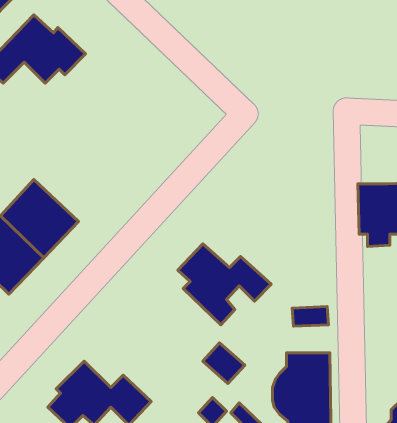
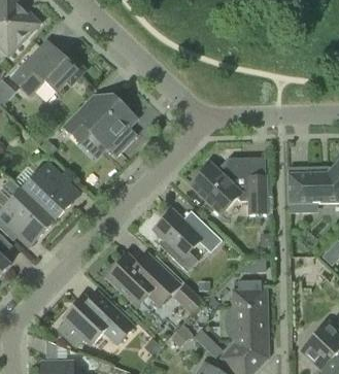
building: none -> [65,96,136,148]
building: none -> [191,162,267,213]
building: none -> [108,256,179,306]

